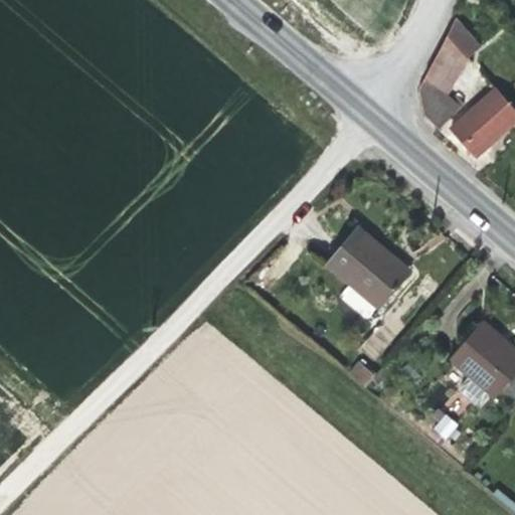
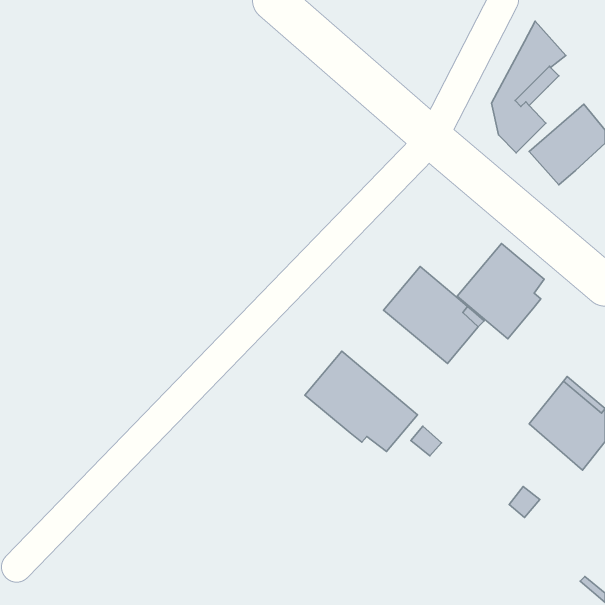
building: none -> [457,243,544,339]
building: none -> [305,351,417,452]

